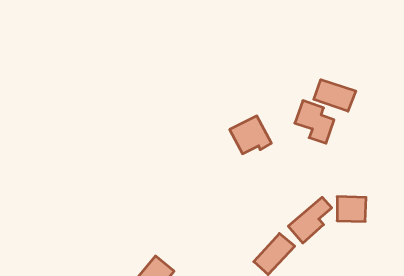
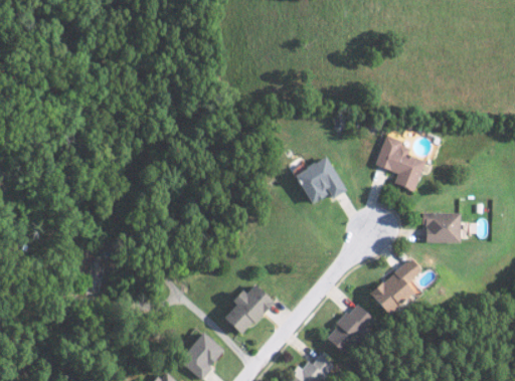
building: [314,80,356,111] -> none
building: [337,197,366,221] -> [424,212,461,243]
building: none -> [222,284,275,337]

